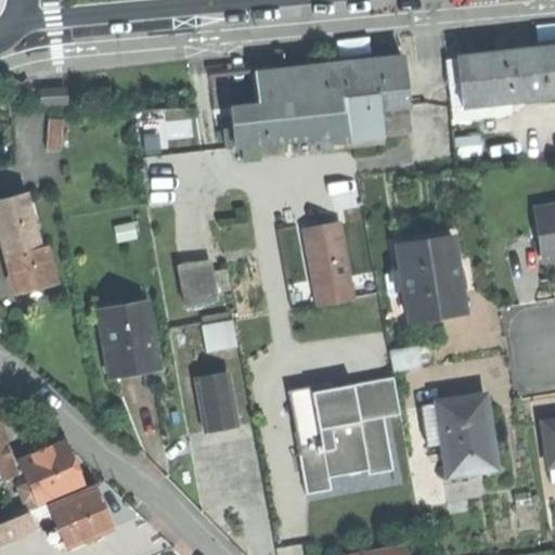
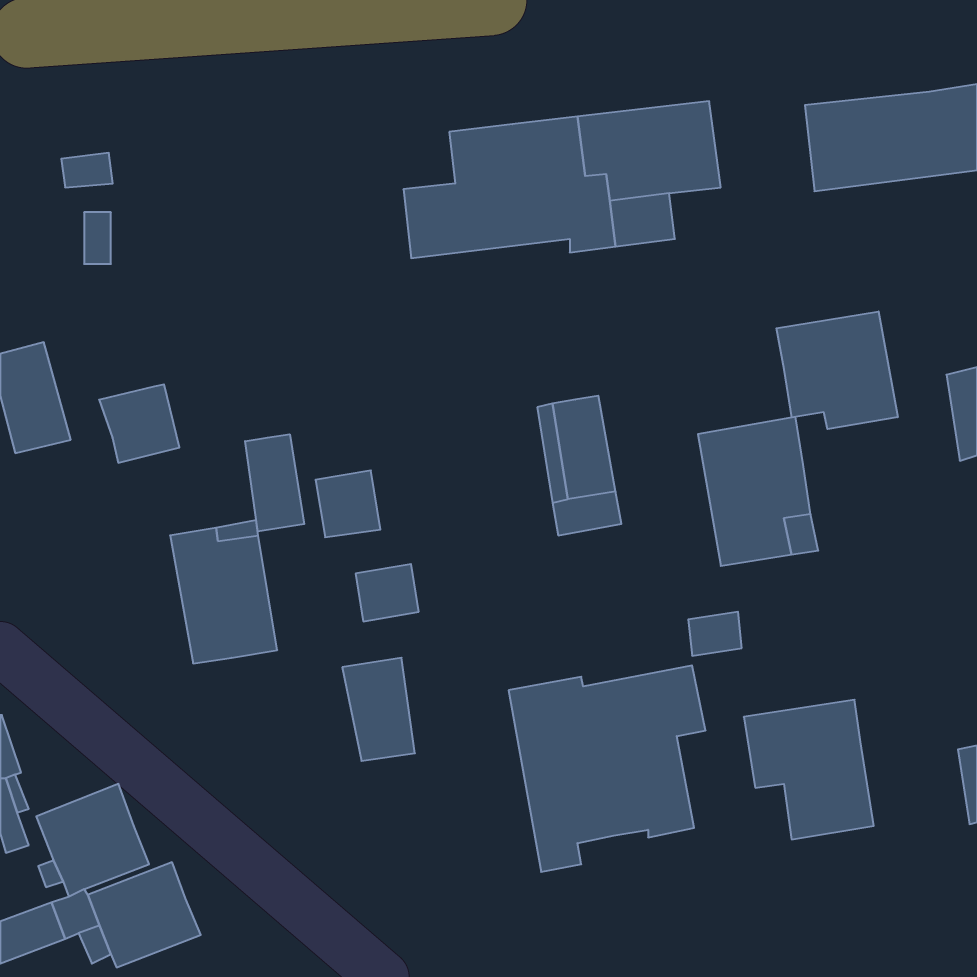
building: none -> [776,311,898,429]
building: none -> [245,434,304,532]
building: [9,248,54,293] -> [99,384,179,463]

